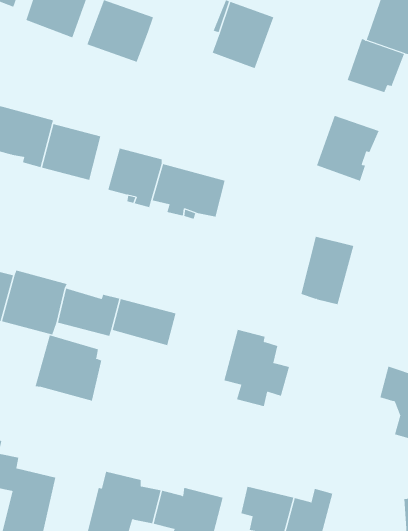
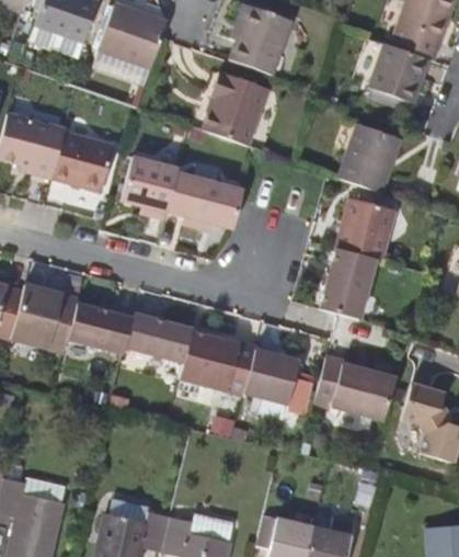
building: none -> [202,70,269,146]
building: none -> [336,198,397,261]
building: none -> [177,330,255,402]
building: [35,334,102,402] -> none
building: none -> [314,356,395,420]

